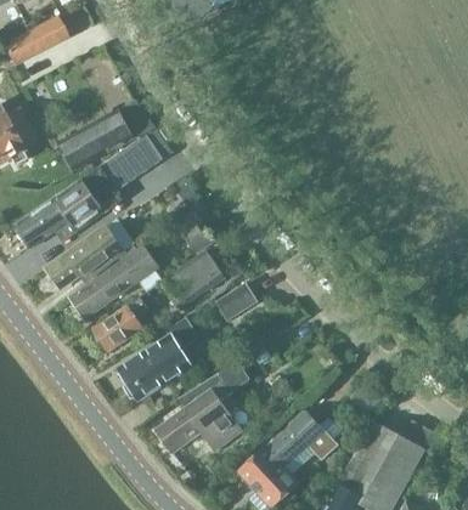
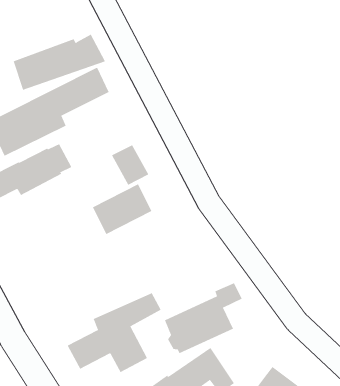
building: [71,245,159,318] -> none
building: [216,283,258,319] -> none
building: [92,296,150,352] -> none
building: [118,318,197,401] -> [164,282,243,354]

